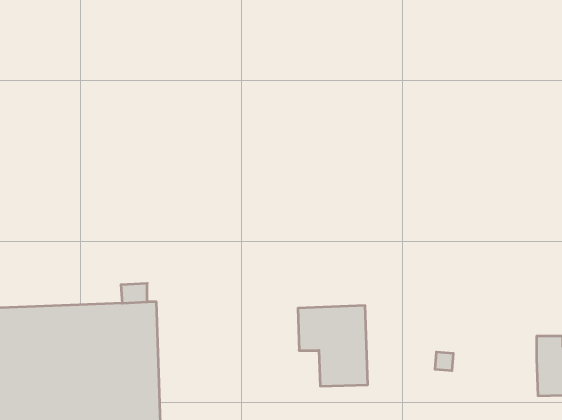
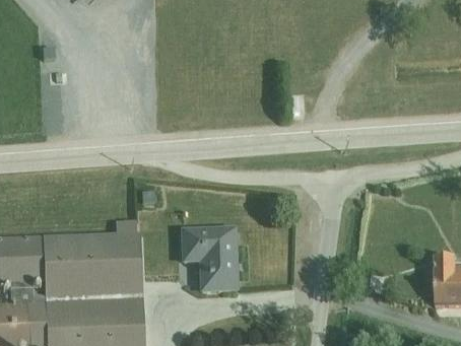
building: [298,306,368,386] -> [182,228,236,290]

